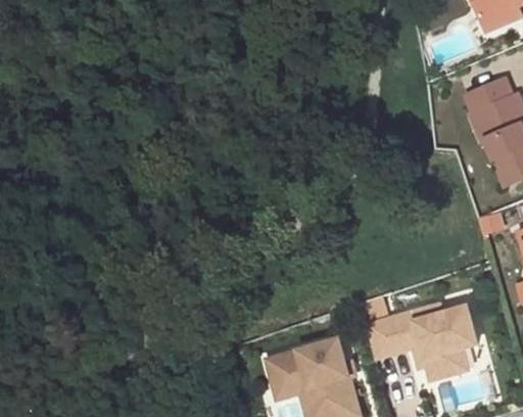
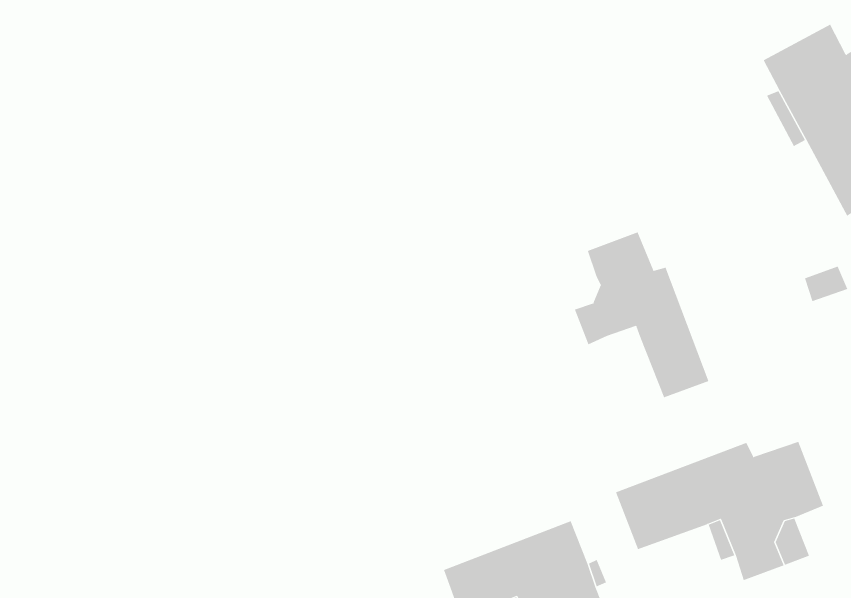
building: none -> [574,232,709,398]

